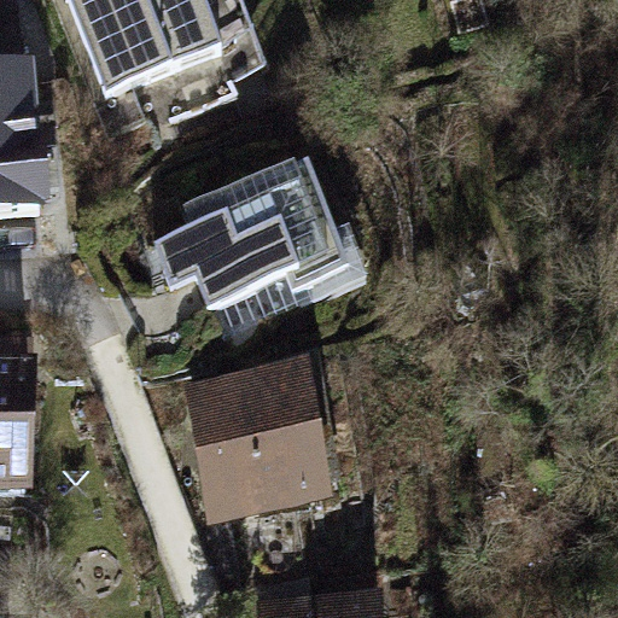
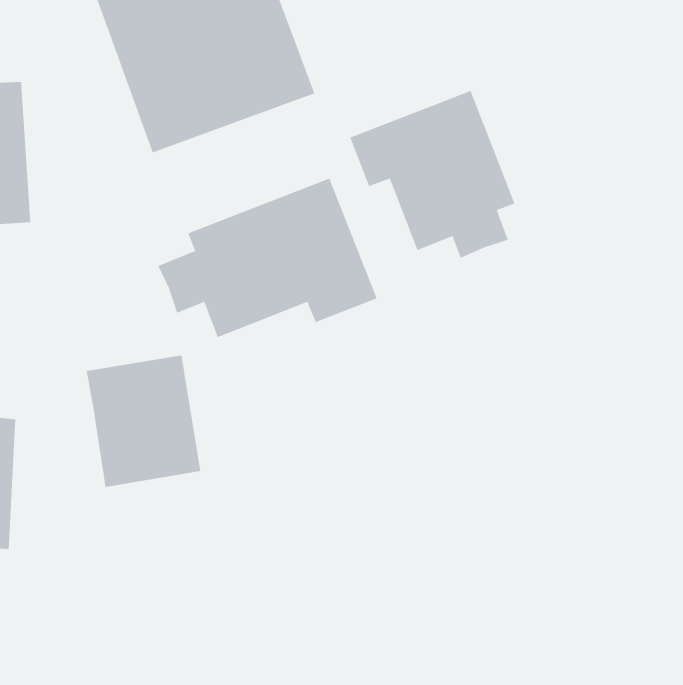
building: none -> [349,90,515,259]
building: [193,379,296,497] -> [86,355,201,488]

